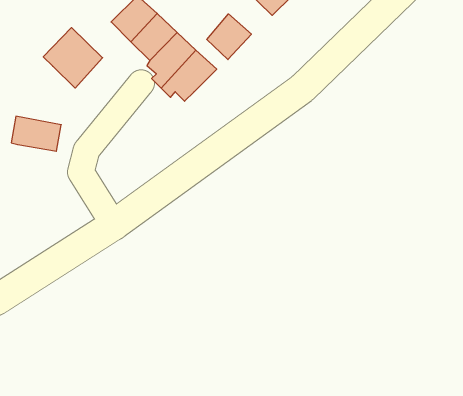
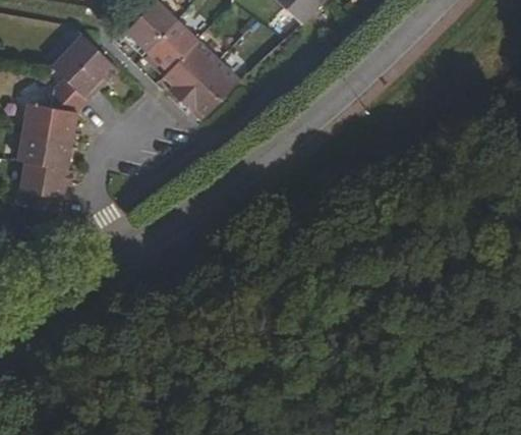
building: [207,14,251,60] -> none
building: none -> [22,77,86,141]
building: none -> [19,162,72,214]

